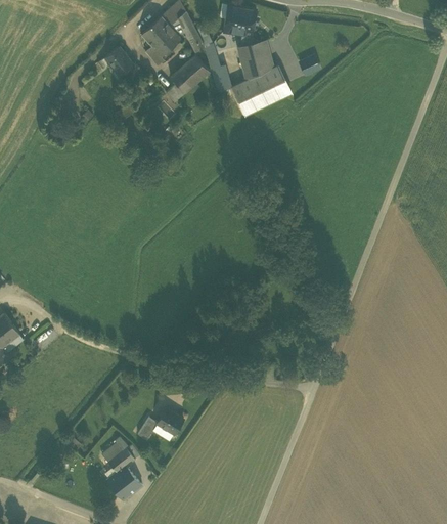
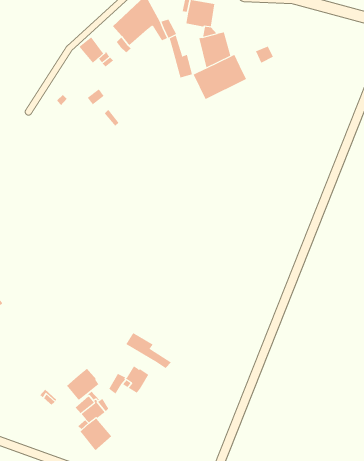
building: [167,53,210,100] -> none
building: none -> [125,332,172,369]
building: none -> [66,368,99,401]

